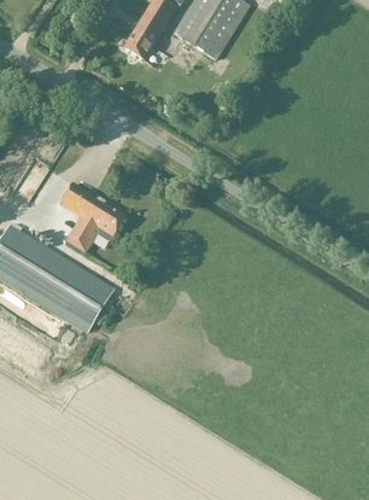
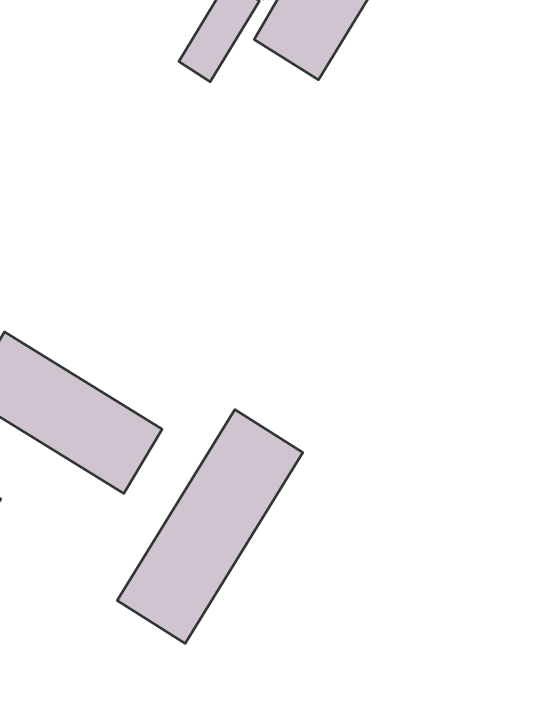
building: [58,182,124,251] -> none
building: none -> [117,409,303,644]

